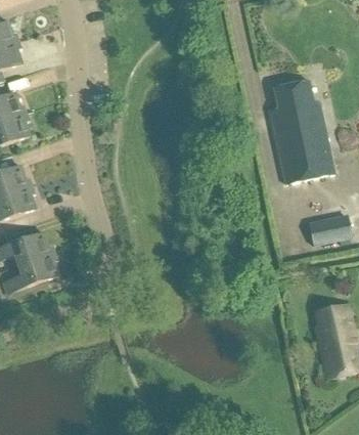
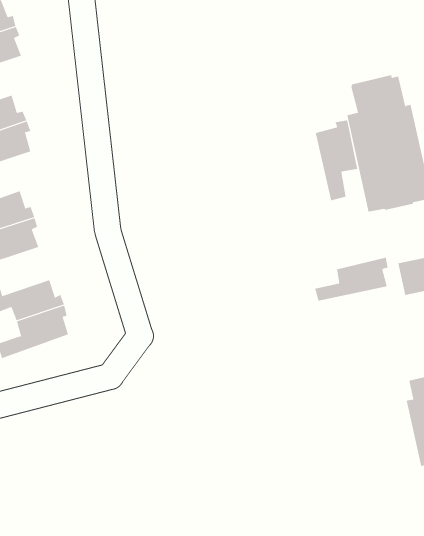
building: none -> [315,119,358,201]
building: none -> [315,257,388,302]

